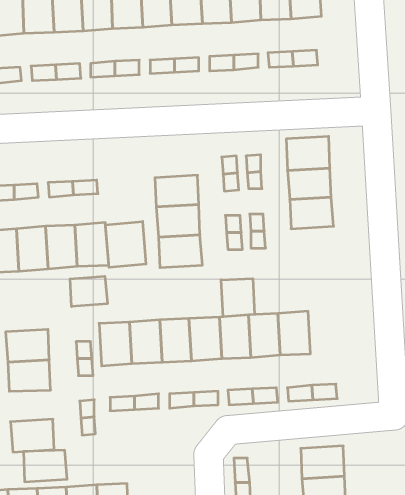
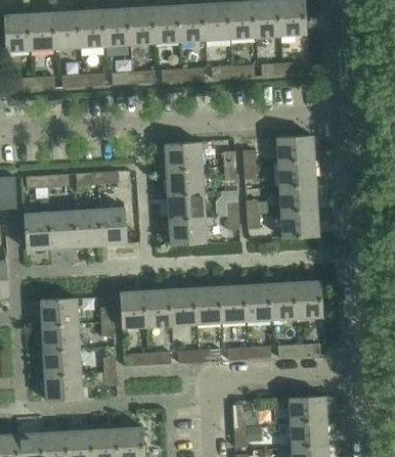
building: none -> [164,142,202,170]
building: [106,221,146,267] -> none
building: none -> [280,211,317,238]
building: [70,276,107,307] -> none
building: [221,279,255,317] -> none
building: none -> [295,281,322,318]
building: [23,450,67,482] -> [43,349,80,375]

